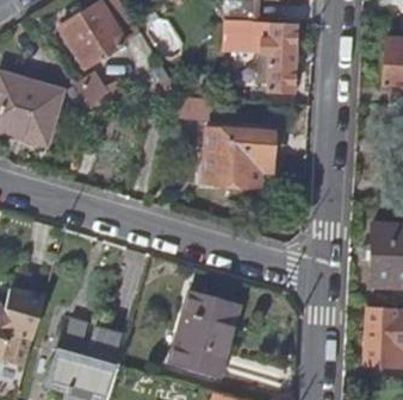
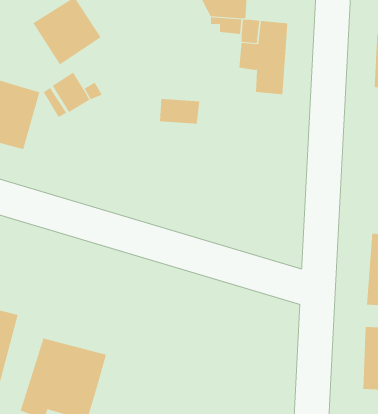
building: [201,127,273,185] -> none
building: [169,290,238,380] -> none

